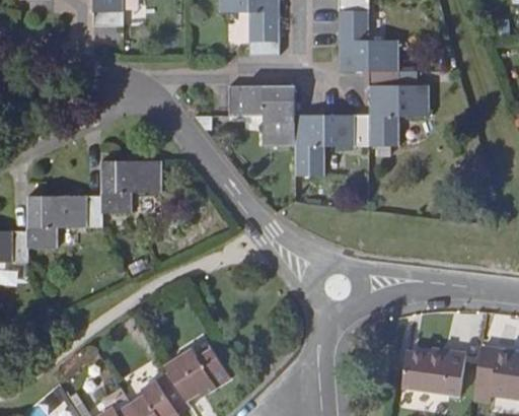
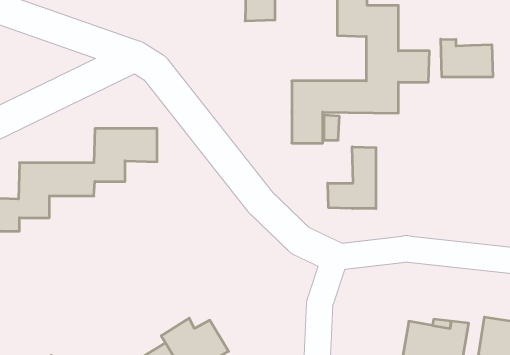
building: none -> [441,39,493,77]
building: [228,85,294,145] -> none
building: none -> [328,147,376,209]

